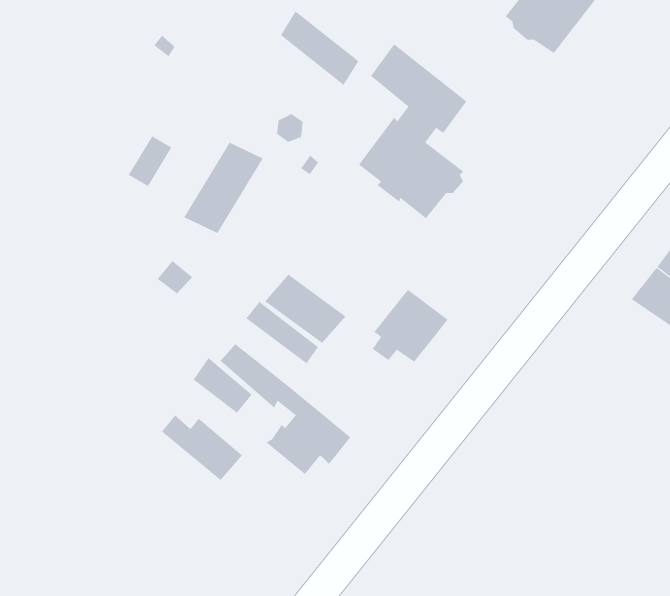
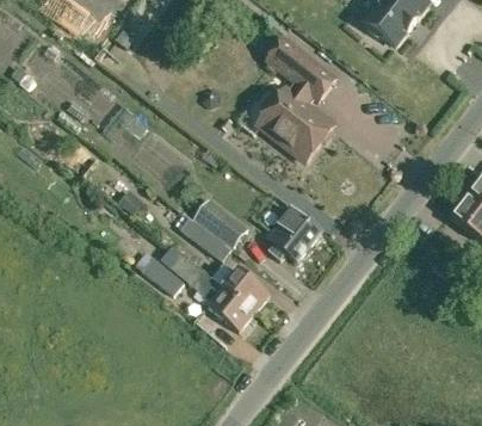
building: [280,10,359,86] -> none
building: [184,142,263,234] -> none
building: [161,414,243,481] -> [211,265,268,311]

